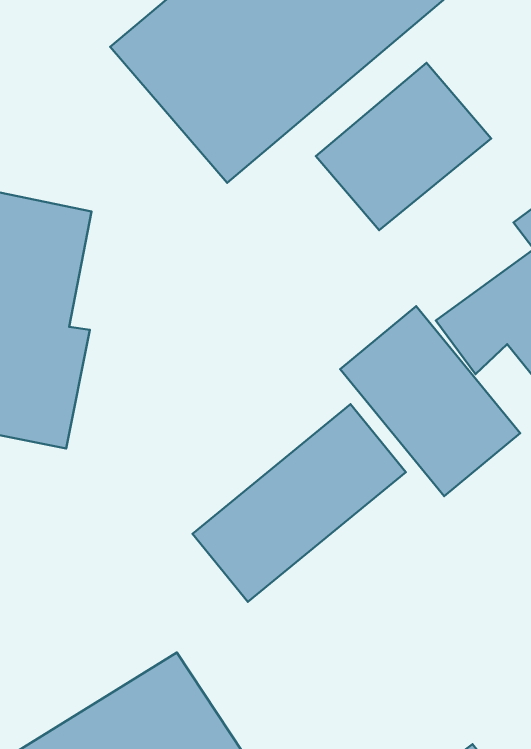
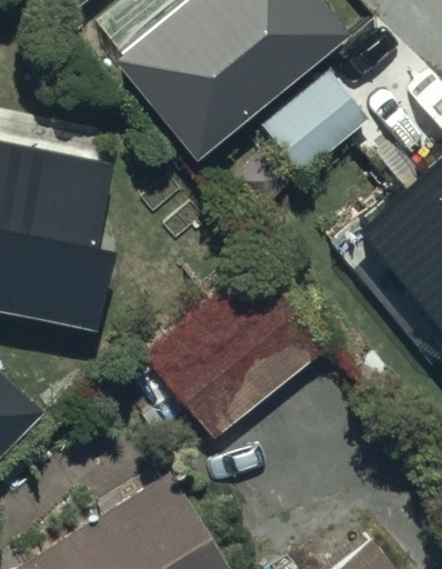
building: [340,306,520,496] -> none

